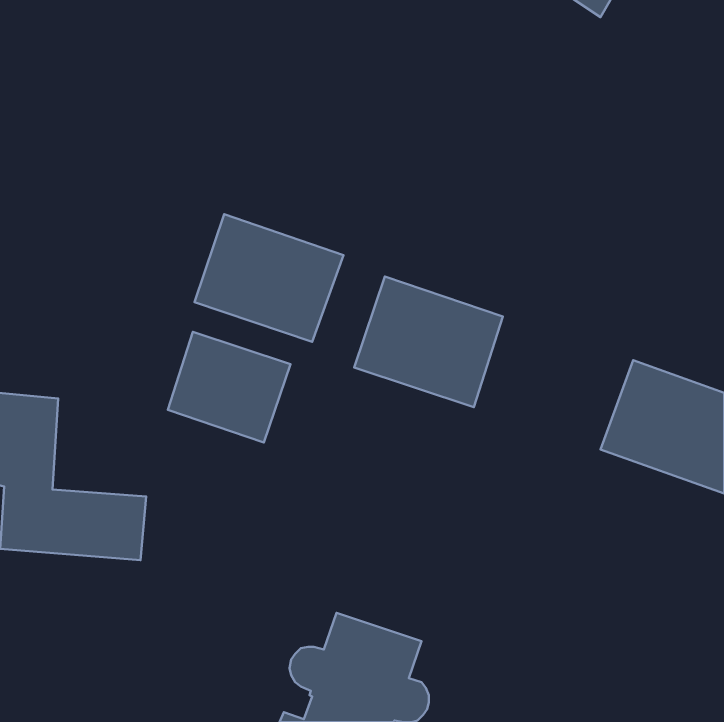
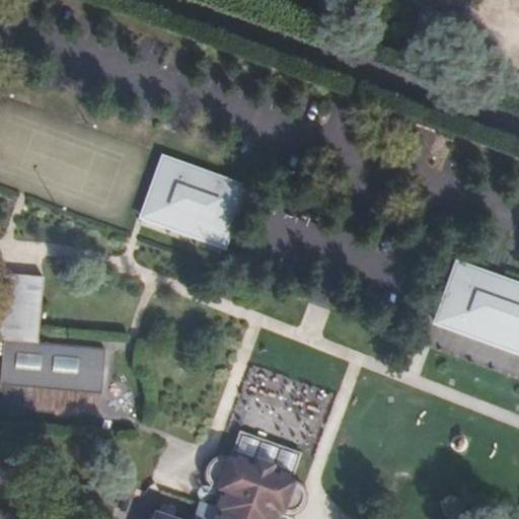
building: [354,277,503,407] -> none
building: [168,332,290,442] -> none

